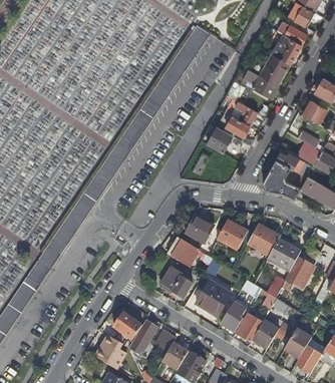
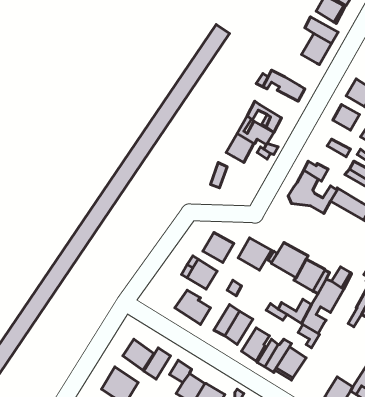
building: [259,53,288,82] -> none
building: [283,327,311,358] -> none

